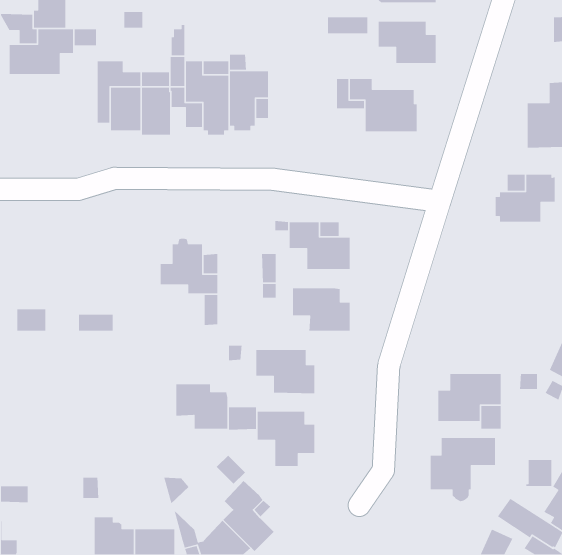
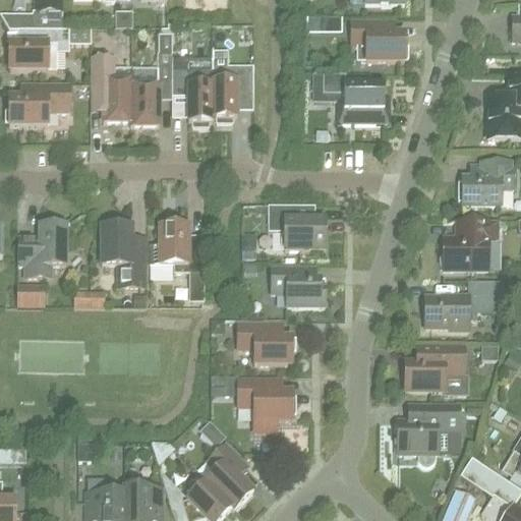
building: none -> [9,83,70,124]
building: none -> [440,219,498,268]
building: none -> [102,221,150,286]
building: none -> [16,224,66,276]
building: none -> [425,280,506,329]
building: [175,384,228,429] -> none
building: [526,459,552,487] -> [435,430,459,456]

